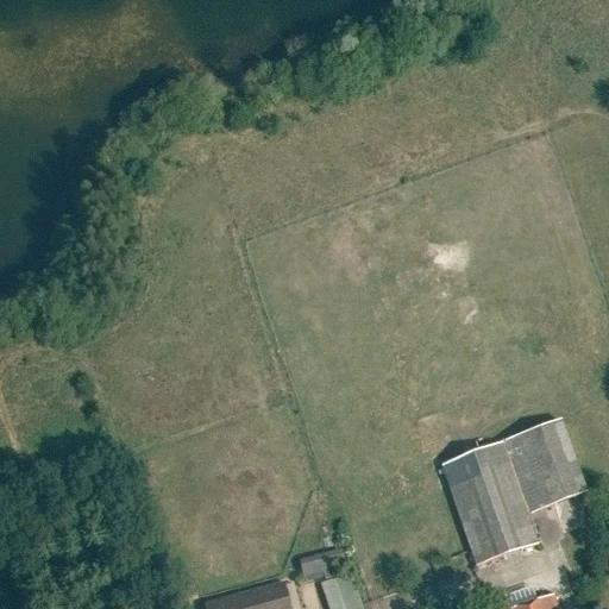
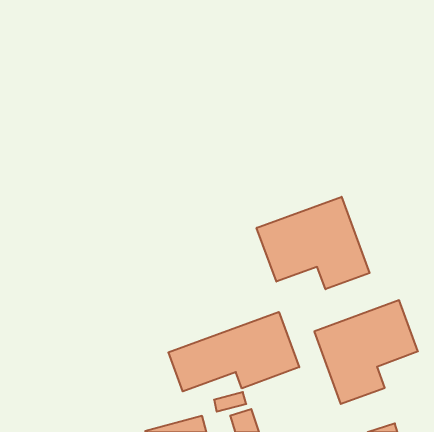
building: none -> [257,197,370,289]
building: none -> [168,312,299,391]

